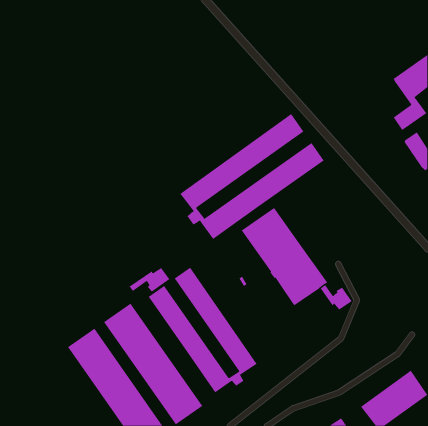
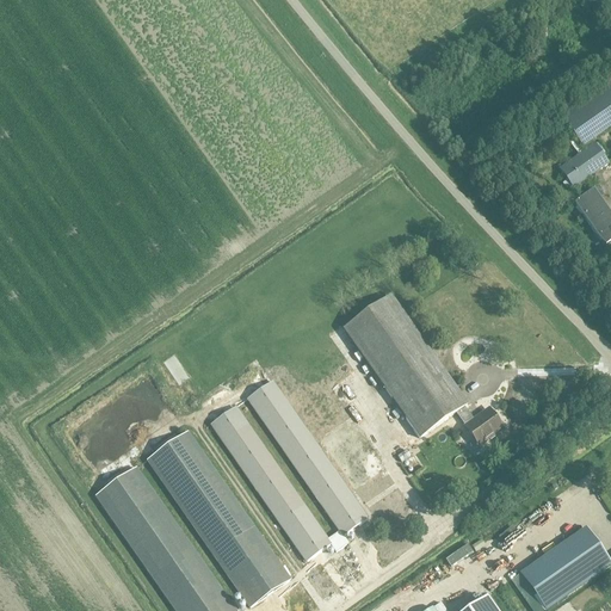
building: [179,113,324,240] -> none
building: [129,267,170,292] -> none

